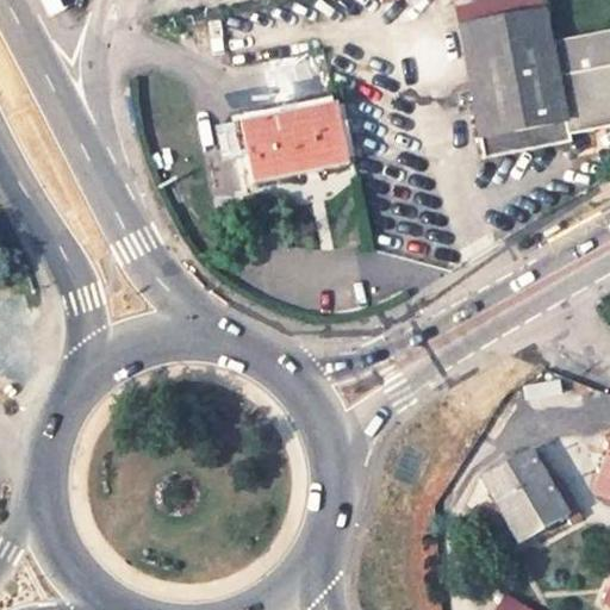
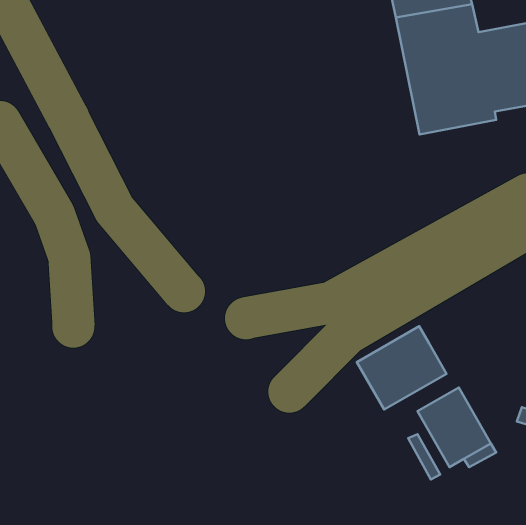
building: [243,100,348,178] -> none
building: none -> [357,326,446,410]

